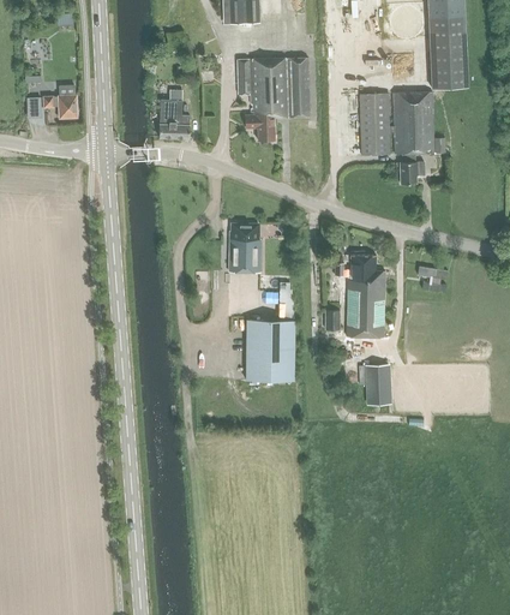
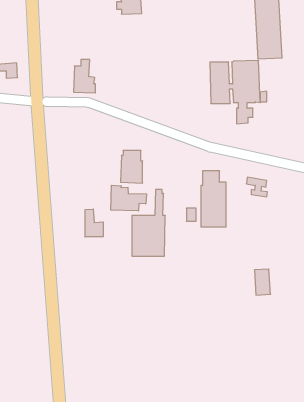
building: [236,58,310,142] -> none
building: none -> [111,185,146,211]
building: none -> [85,209,103,237]
building: [366,365,390,404] -> [254,269,271,295]

